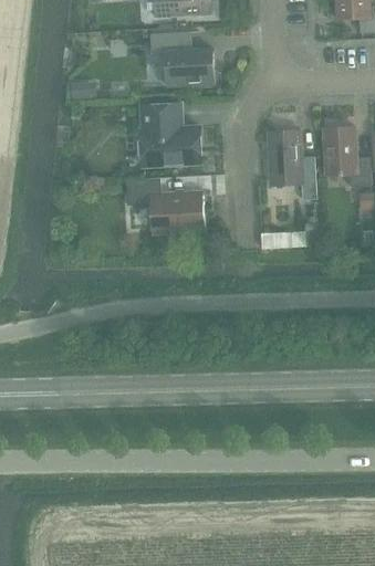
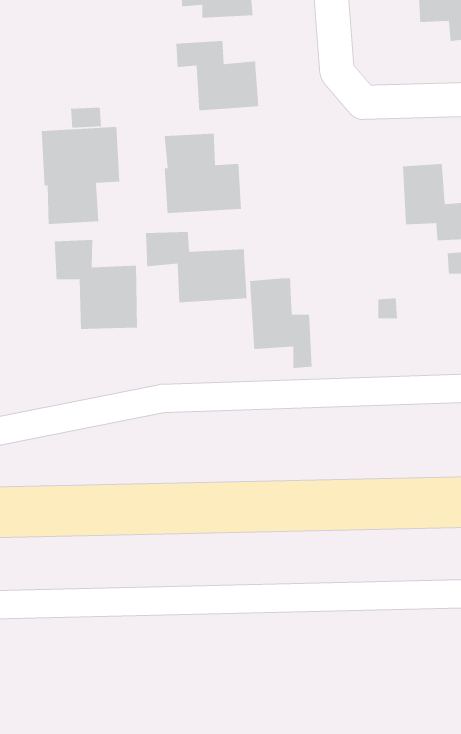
building: none -> [41,126,120,225]
building: [268,129,316,199] -> [249,278,313,369]
building: none -> [54,239,138,330]

